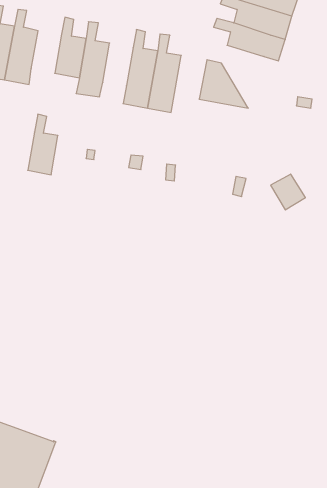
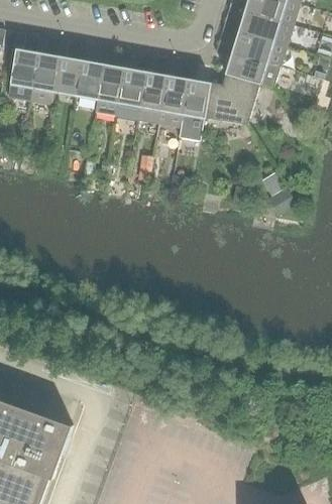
building: none -> [114,52,141,106]
building: none -> [175,64,208,139]
building: none -> [221,70,259,126]
building: [28,114,58,175] -> [49,40,77,95]

